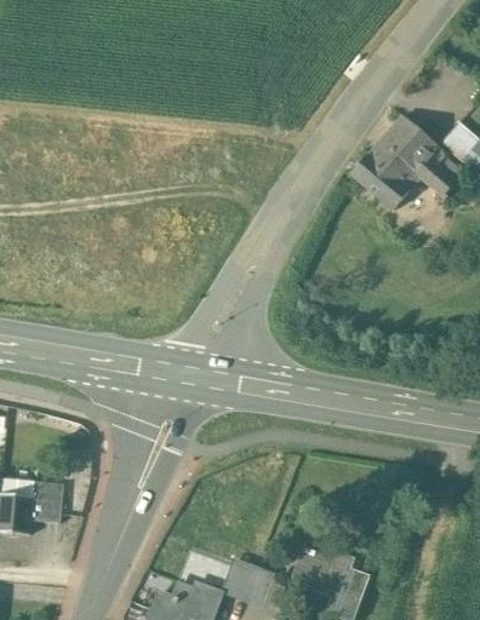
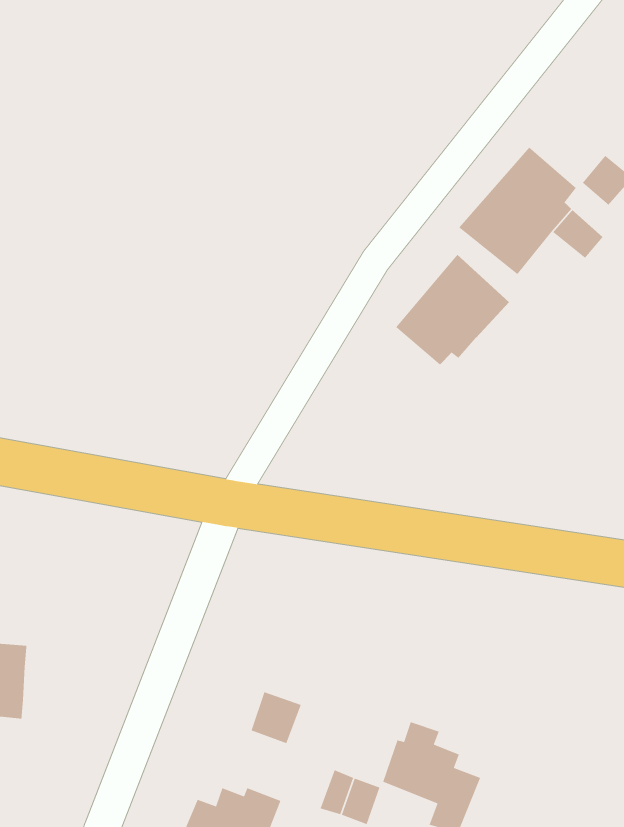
building: none -> [395,254,510,366]
building: [32,482,63,523] -> none
building: [222,562,259,601] -> [251,691,302,744]

